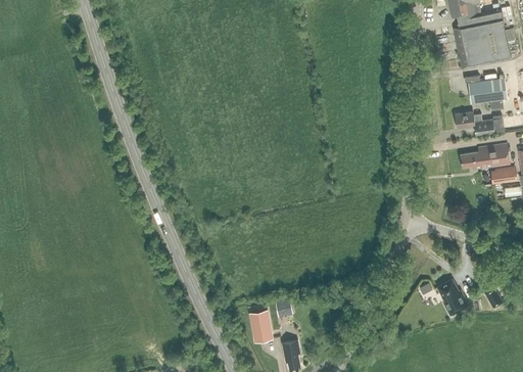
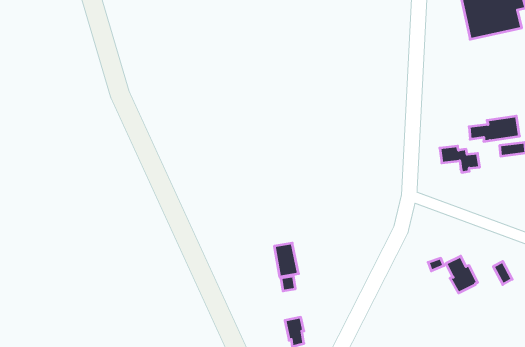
building: [468,77,508,103] -> none
building: [456,111,494,137] -> [440,146,480,172]
building: [249,309,273,341] -> [274,243,299,277]

